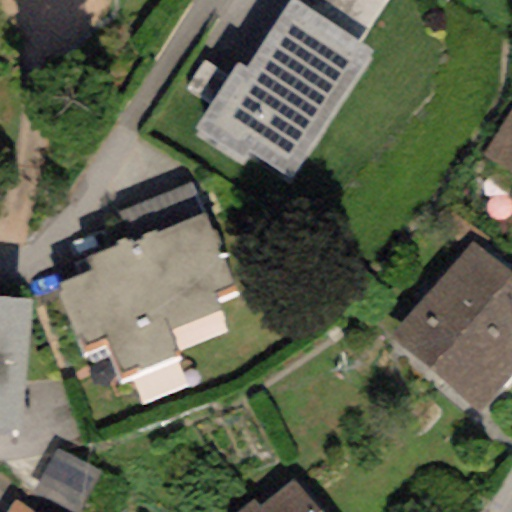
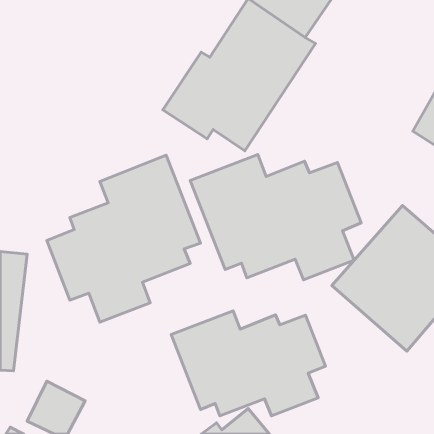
building: none -> [190,155,361,280]
building: none -> [171,311,325,416]

